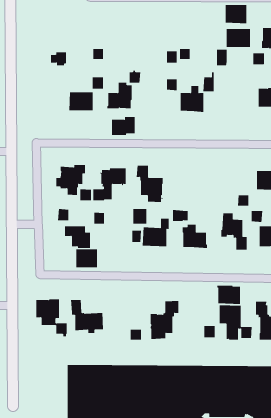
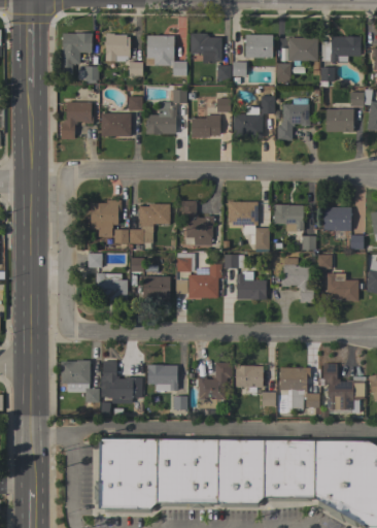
building: [225,5,247,24] -> [245,35,272,58]
building: none -> [61,33,92,75]
building: none -> [190,33,221,63]
building: none -> [105,34,130,62]
building: none -> [146,35,186,75]
building: none -> [277,98,309,140]
building: none -> [60,101,93,139]
building: [111,117,135,136] -> [191,114,219,137]
building: none -> [228,202,269,249]
building: none -> [273,204,303,231]
building: [76,249,98,268] -> [142,276,169,299]
building: [217,285,241,304] -> [234,365,263,388]
building: none -> [147,364,177,390]

